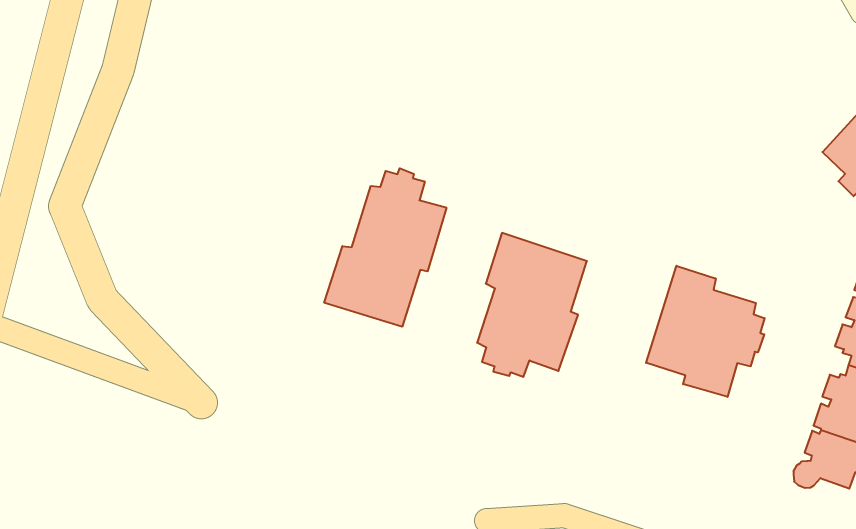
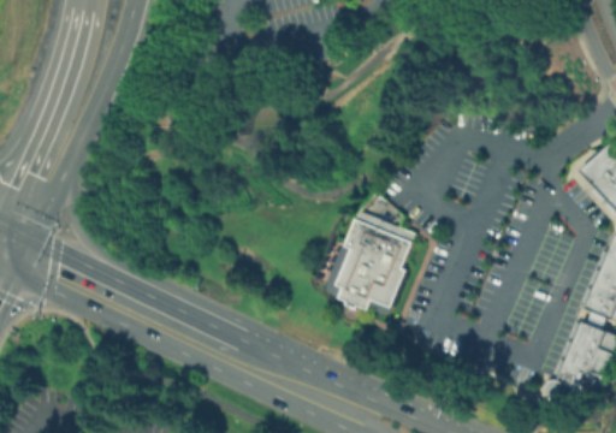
building: [324,168,446,327] -> none
building: [646,266,765,397] -> none

